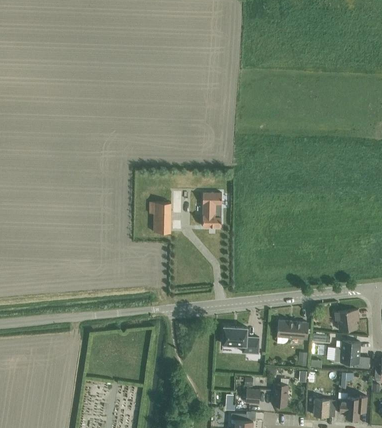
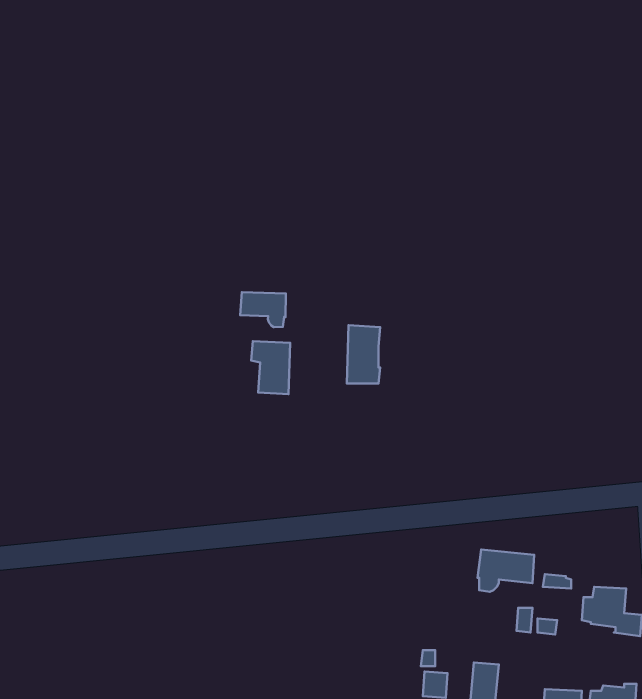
building: none -> [240,292,286,327]
building: [334,310,358,331] -> none
building: [222,326,259,354] -> none

